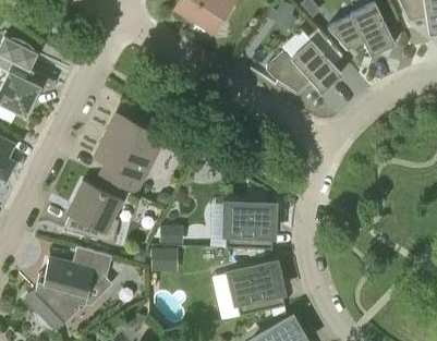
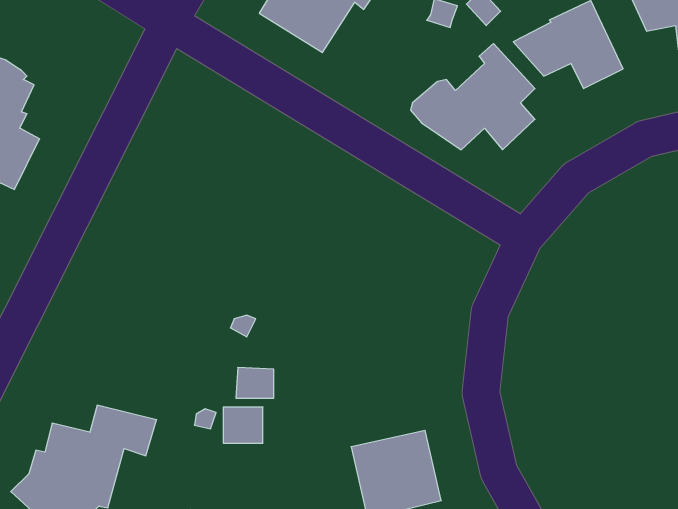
building: [94,114,162,194] -> none
building: [62,182,121,243] -> none
building: [224,204,272,248] -> none

